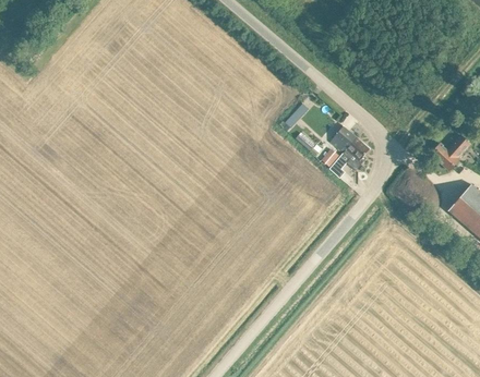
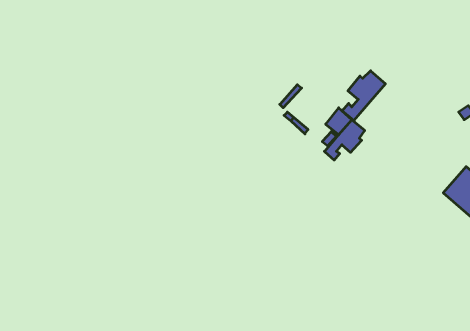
building: none -> [342,71,385,121]
building: [430,135,469,170] -> none

